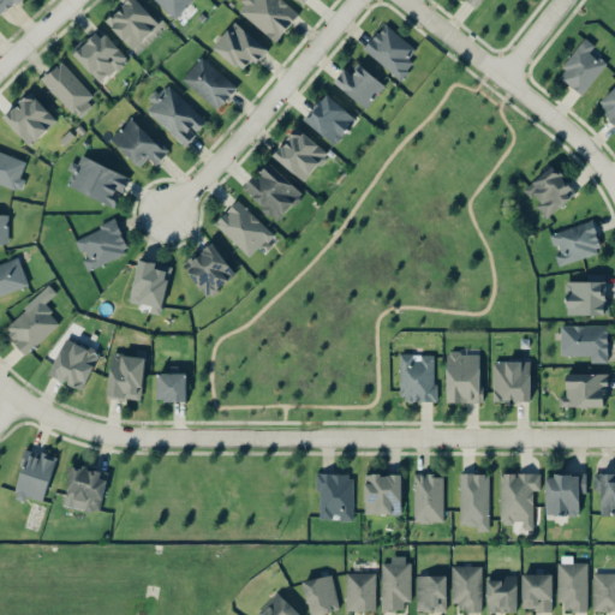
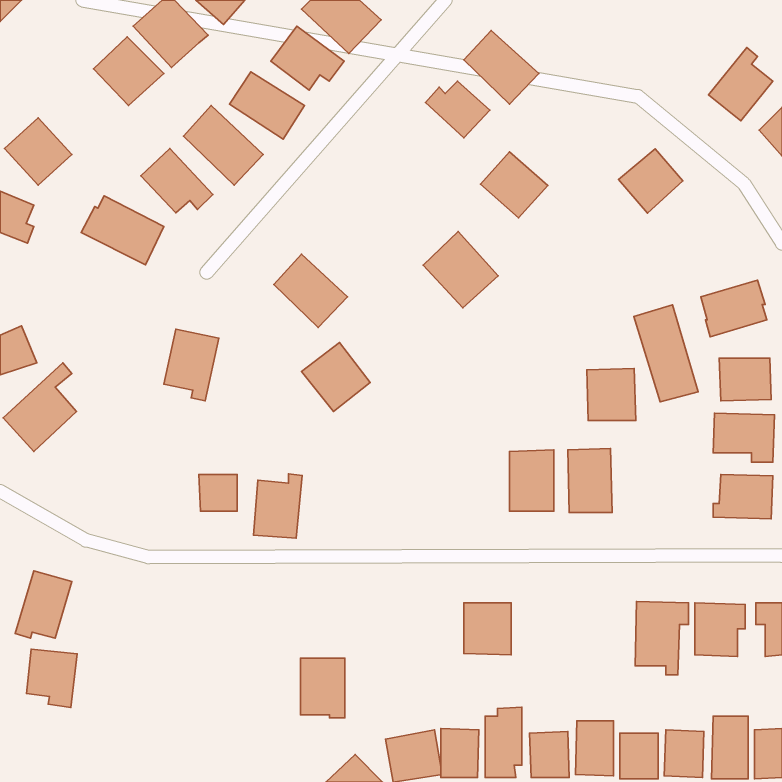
building: [41,60,96,117] -> none
building: [304,94,357,145] -> [480,152,548,218]
building: [273,127,328,183] -> none
building: [243,161,301,221] -> [423,231,498,308]
building: [524,166,574,216] -> [619,149,683,213]
building: [73,220,130,270] -> none
building: none -> [634,305,698,402]
building: [183,243,237,297] -> [301,343,370,411]
building: [48,338,100,390] -> none
building: [107,348,145,399] -> [253,474,302,538]
building: [492,360,531,401] -> [587,368,636,420]
building: [66,466,106,512] -> [27,649,77,707]
building: [317,473,352,520] -> [301,658,345,718]
building: [413,473,443,523] -> none
building: [459,473,489,531] -> none

